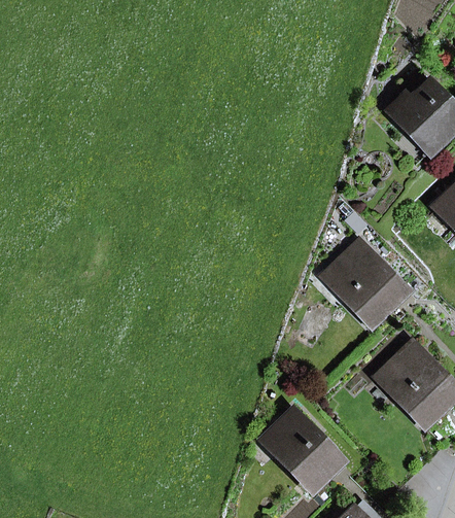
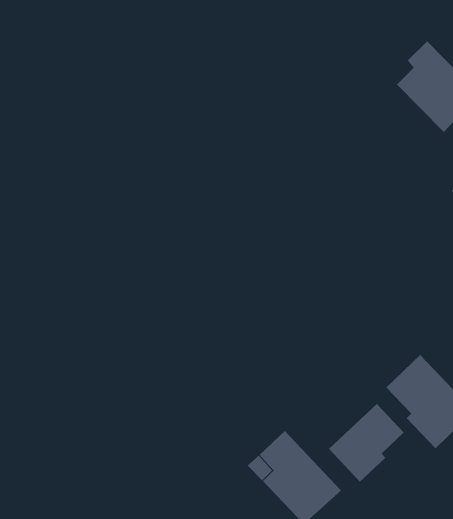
building: [327,244,406,326] -> none
building: none -> [328,403,405,483]

